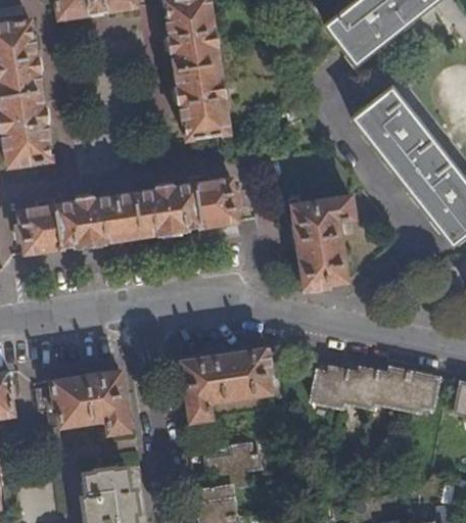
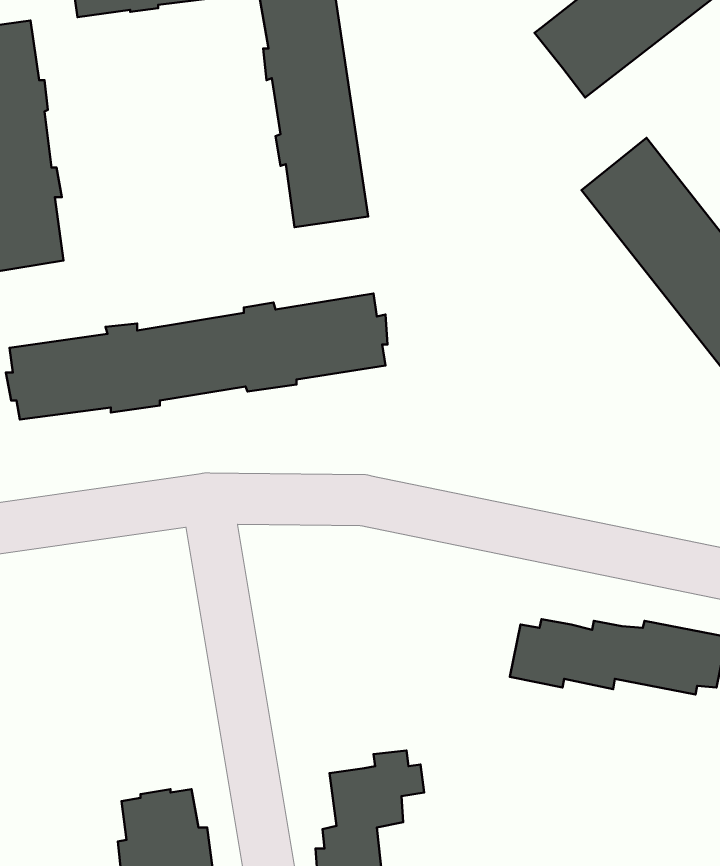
building: [292,196,355,291] -> none
building: [176,344,280,423] -> none
building: [37,371,130,435] -> none

